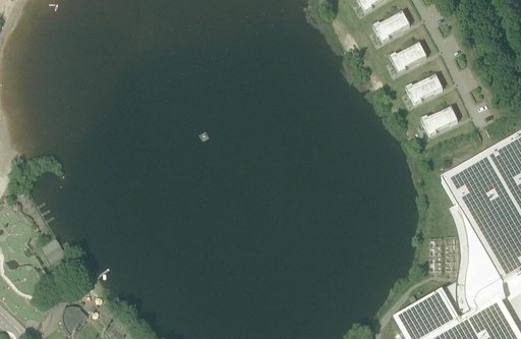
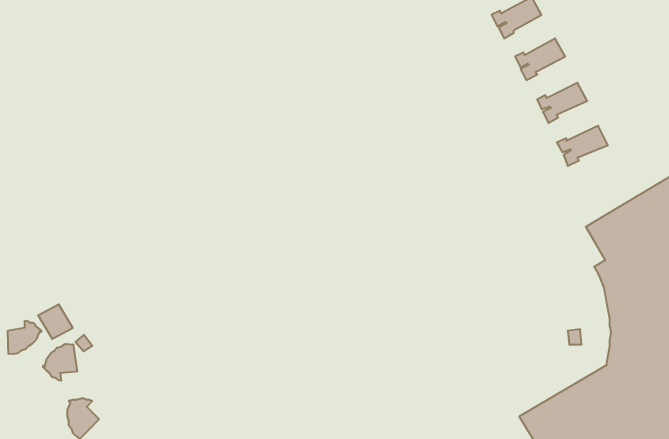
building: none -> [8,321,41,354]
building: none -> [43,344,77,381]

